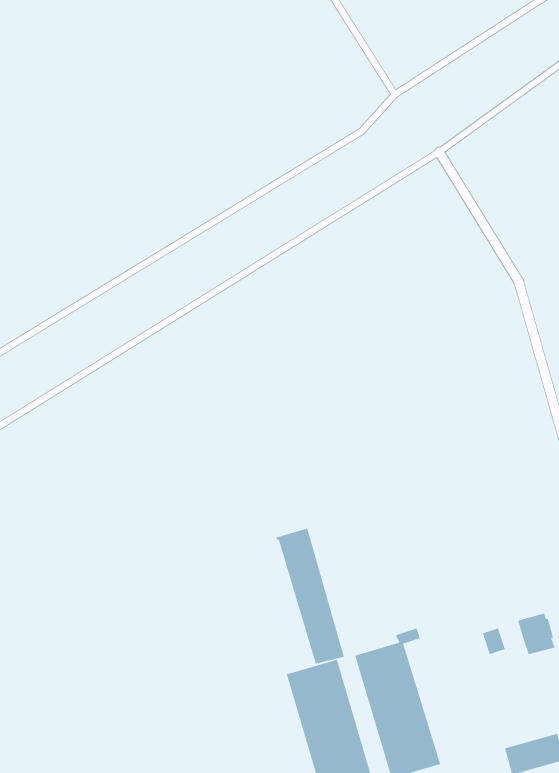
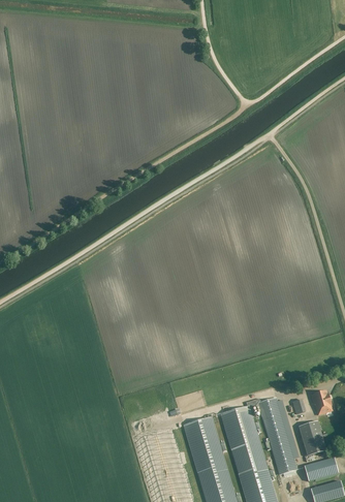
building: [273,528,345,664] -> [255,398,295,474]
building: none -> [297,421,325,457]

